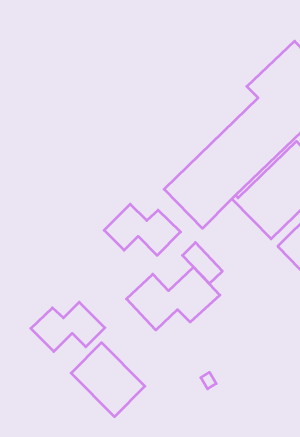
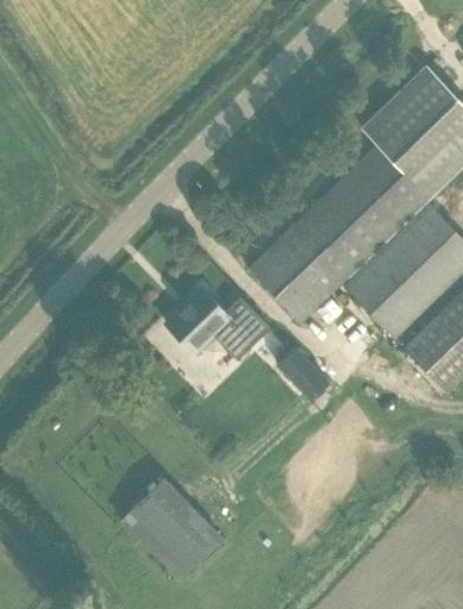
building: [126,267,220,330] -> none
building: [31,302,105,352] -> none

